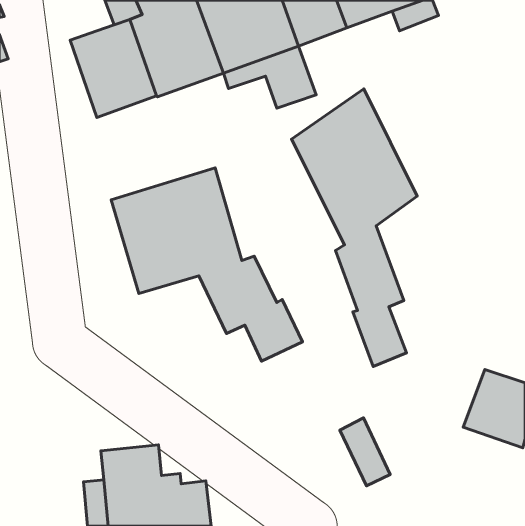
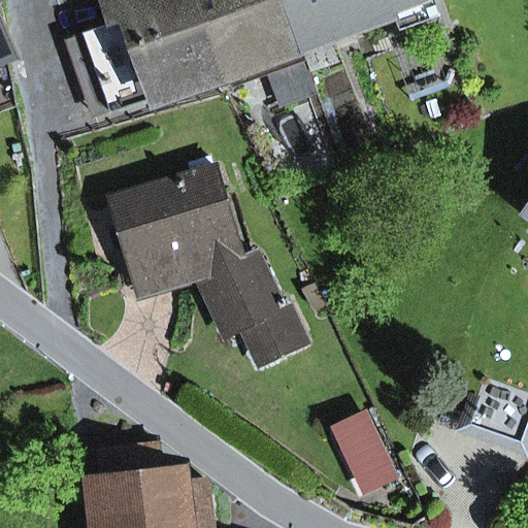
building: [291,89,417,366] -> none

